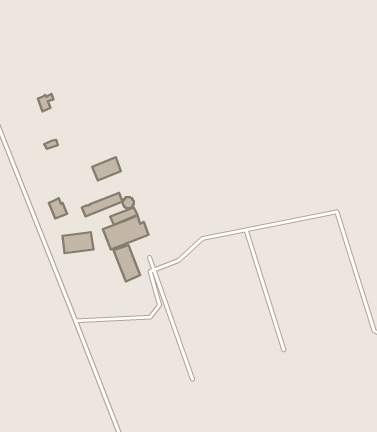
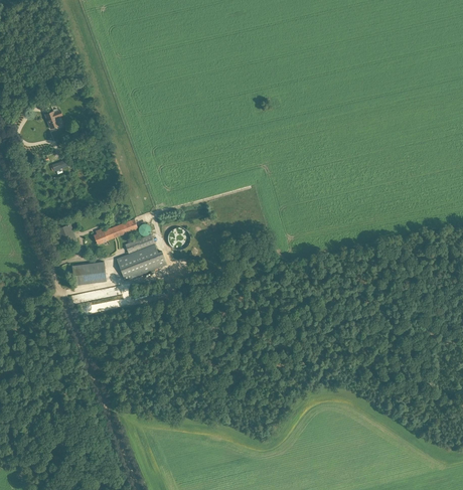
building: [92,157,121,180] -> none
building: [113,245,140,281] -> none

